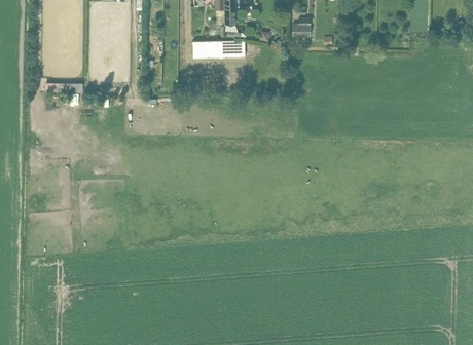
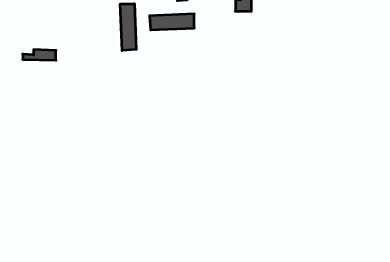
building: none -> [120,4,136,51]

